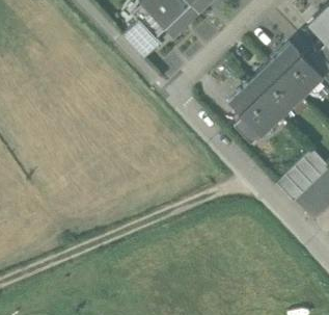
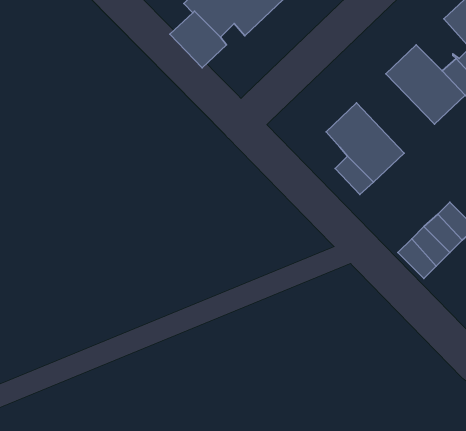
building: [249,61,302,115] -> none

